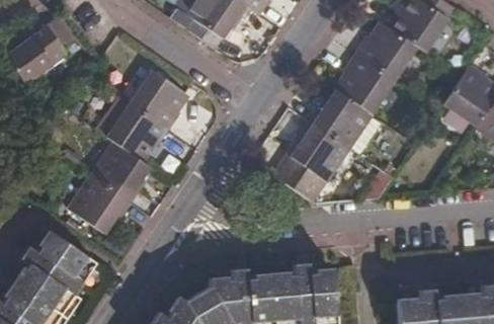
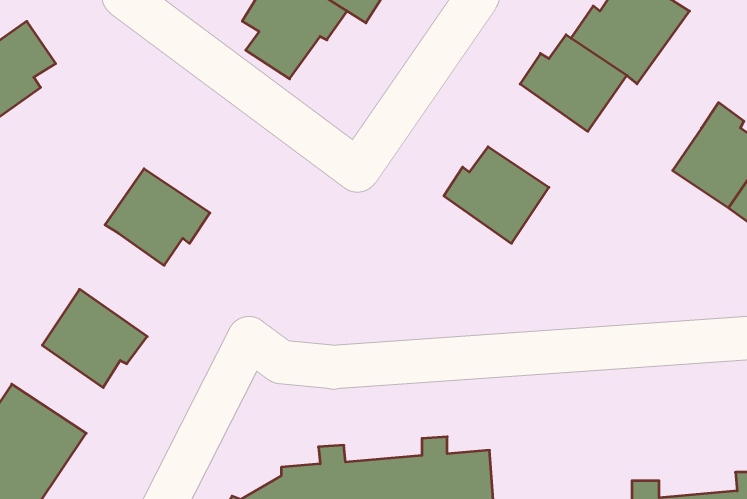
building: [334,52,394,113] -> none
building: [129,68,187,129] -> none
building: [274,118,348,200] -> none
building: [90,141,149,202] -> none

